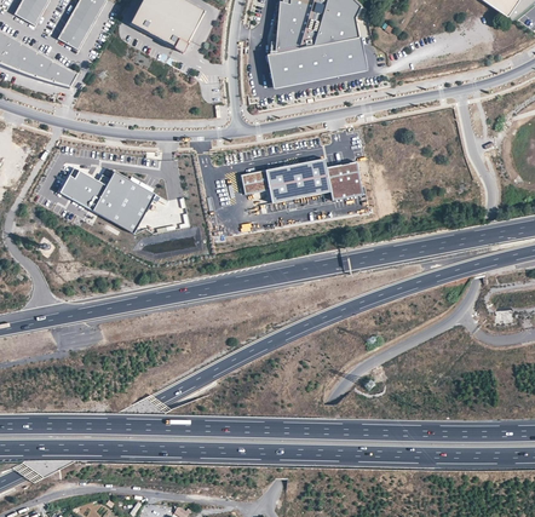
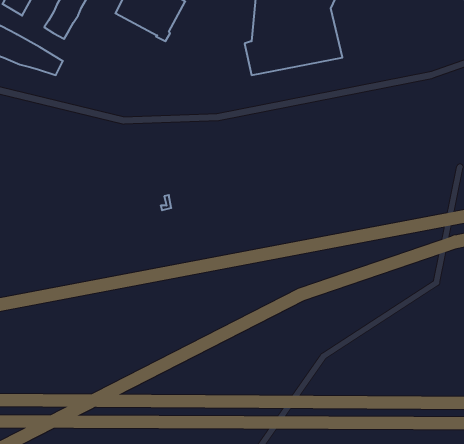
building: [240,157,362,202] -> none
building: [58,166,156,234] -> none

